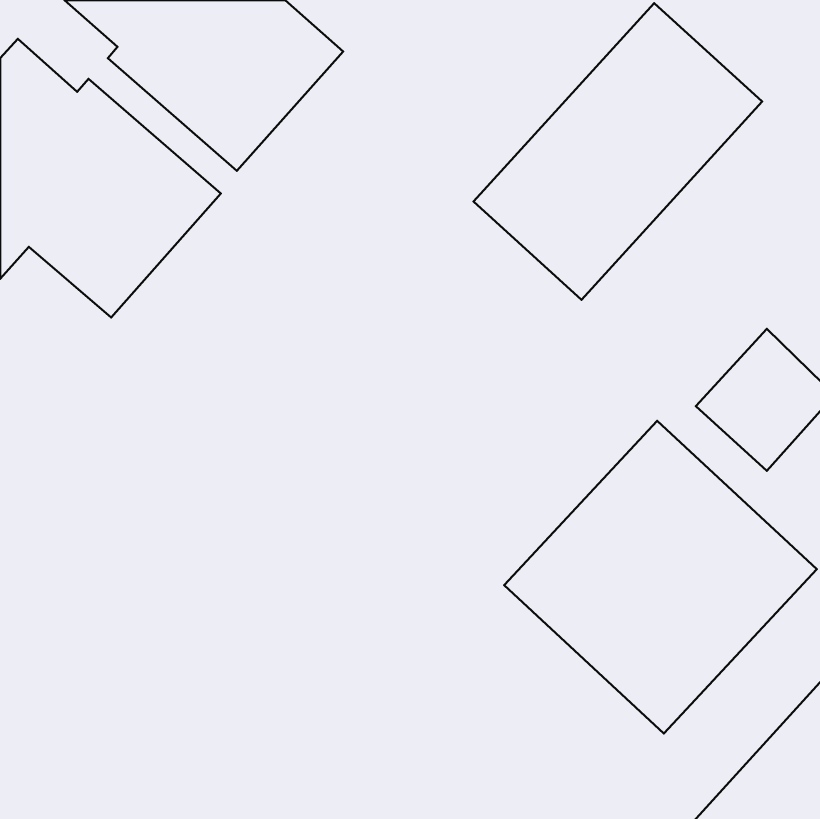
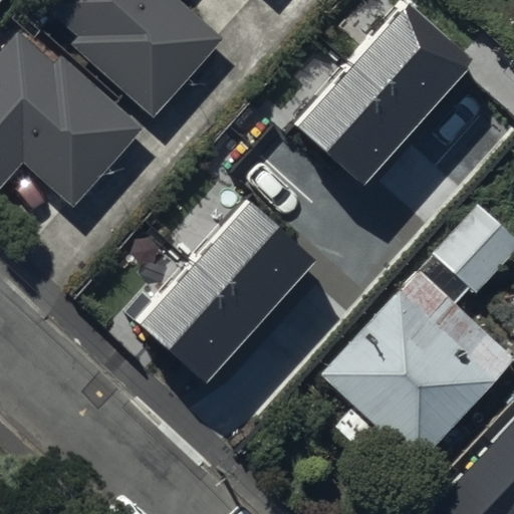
building: none -> [138,200,318,384]

